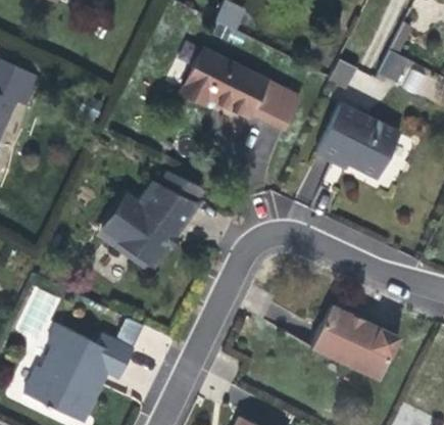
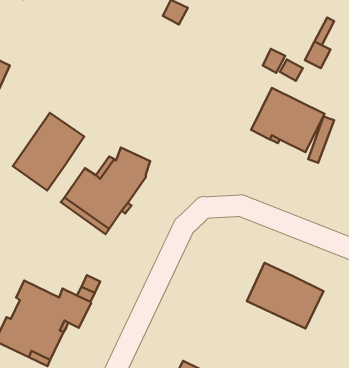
building: [180,48,299,129] -> none
building: none -> [13,113,84,190]

